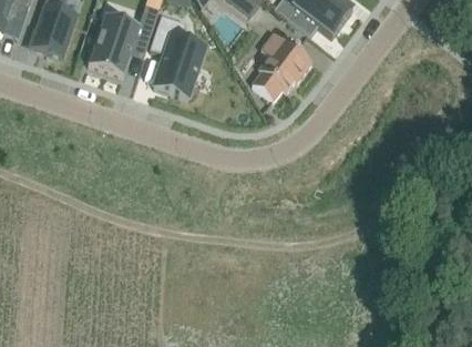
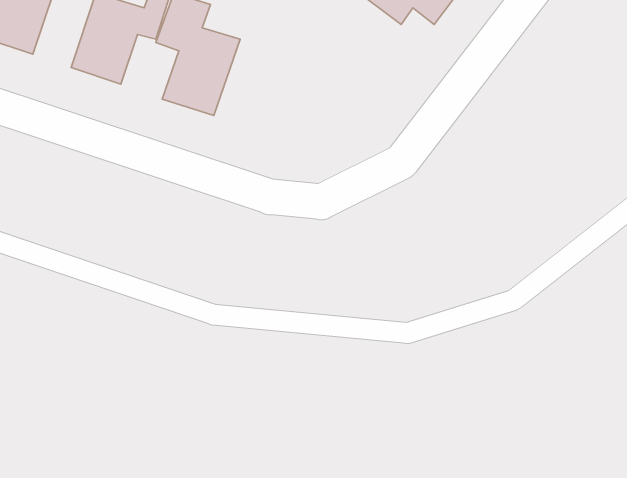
building: [254,30,314,98] -> none

